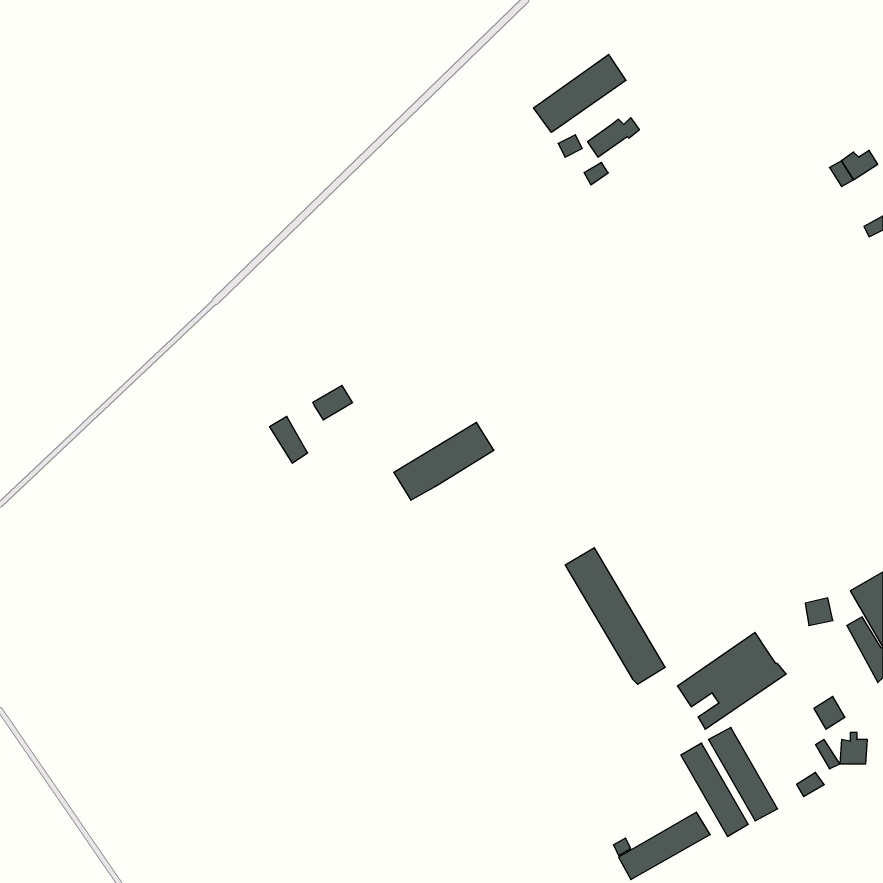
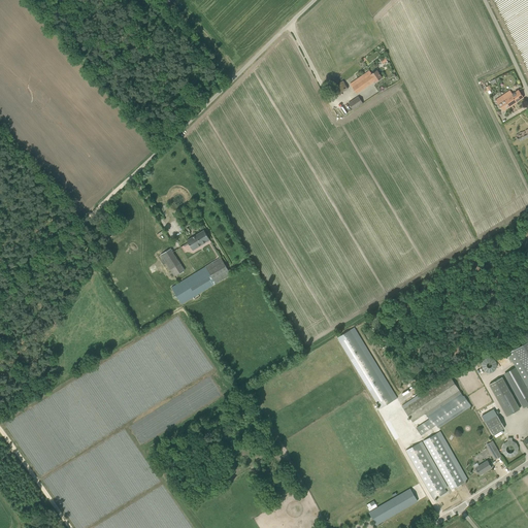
building: [534,54,626,132] -> none
building: [394,422,494,500] -> [171,258,231,304]
building: none -> [489,377,520,416]

